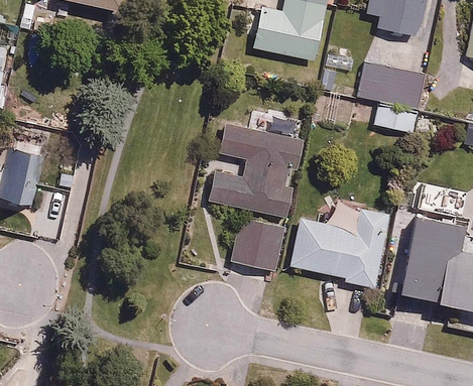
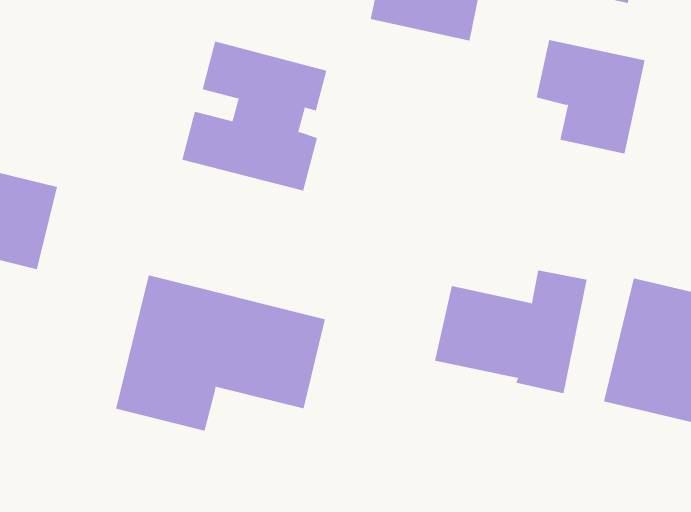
building: [210,124,304,221] -> [182,41,327,191]
building: none -> [115,274,326,432]
building: [232,218,285,272] -> none

